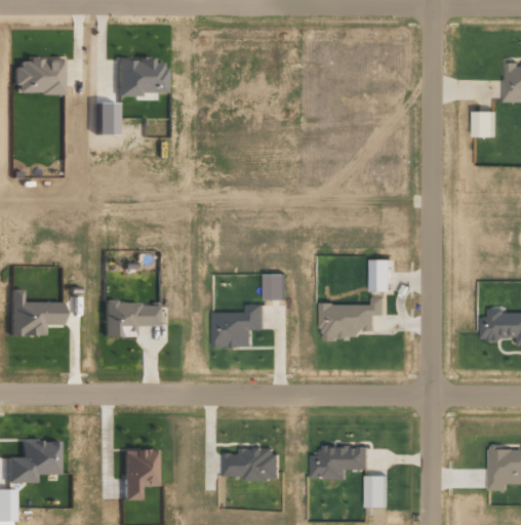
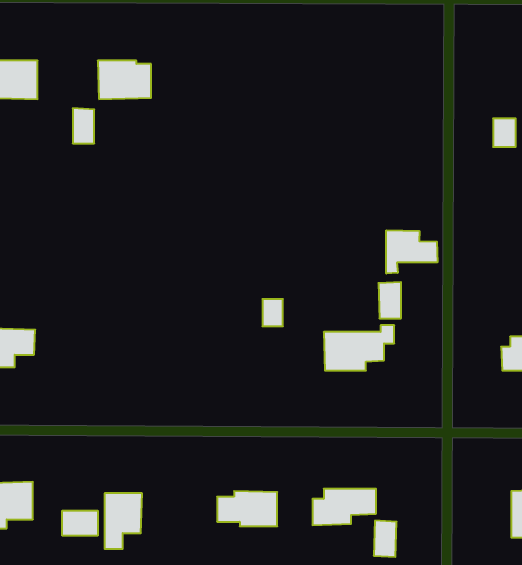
building: none -> [386,230,437,274]
building: [103,301,156,336] -> none
building: [212,304,263,347] -> none
building: none -> [62,511,98,536]

